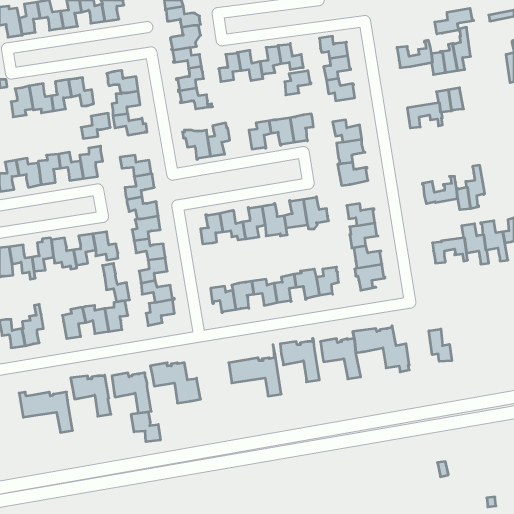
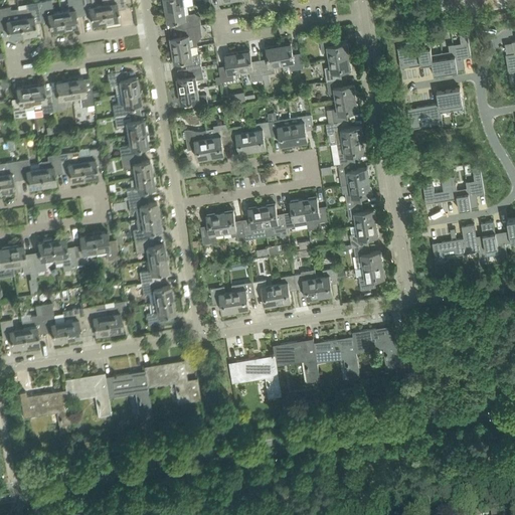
building: [435,8,474,34] -> none
building: [285,71,311,95] -> [331,99,357,123]
building: [81,113,110,138] -> [118,133,147,158]
building: none -> [227,127,251,153]
building: none -> [341,181,370,206]
building: [102,263,130,302] -> [39,303,66,341]
building: [429,329,452,361] -> none
building: [131,412,160,442] -> none

